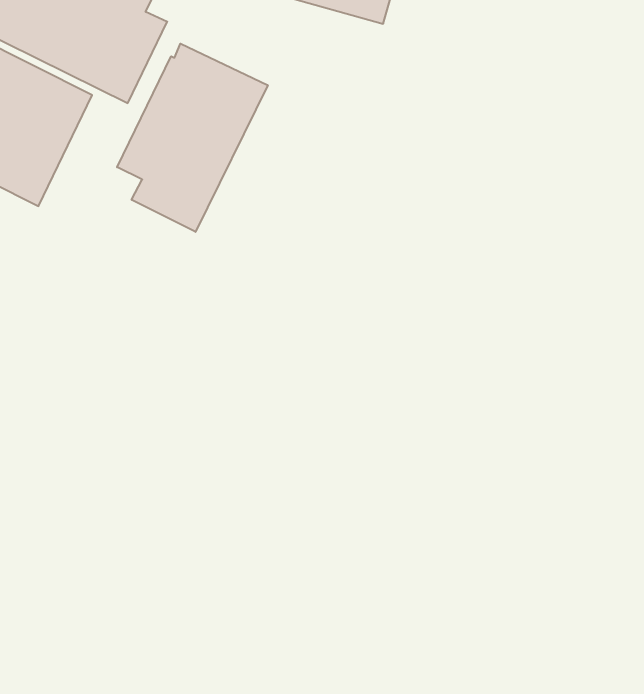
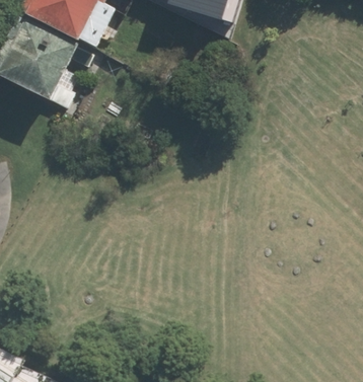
building: [117,44,268,232] -> none

